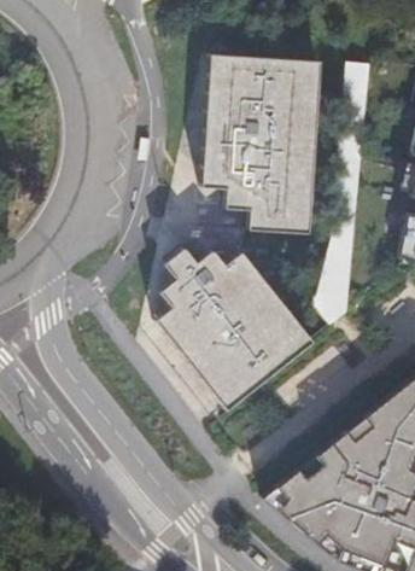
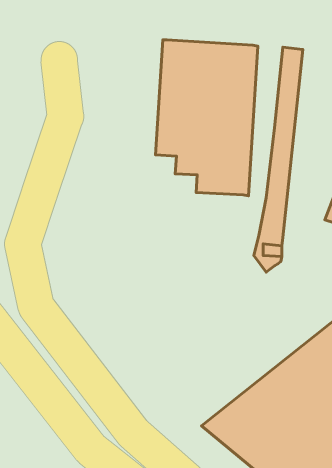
building: [154,246,310,407] -> none

